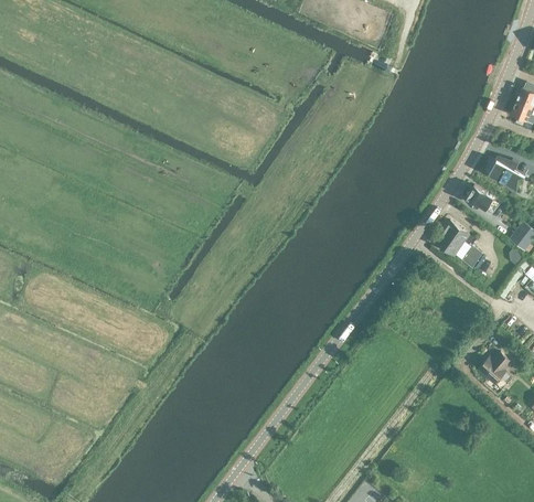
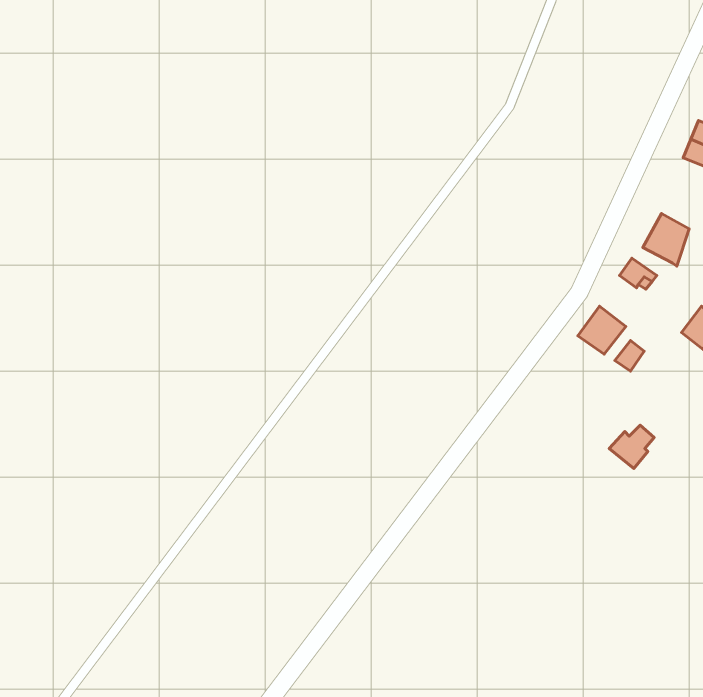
building: [479,354,511,385] -> [609,425,654,469]

